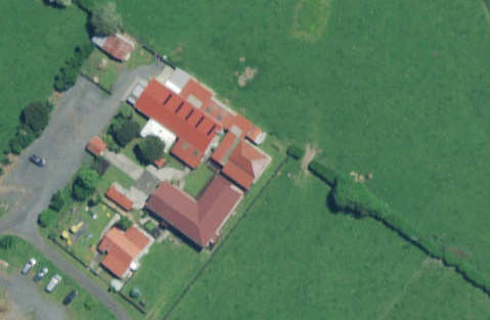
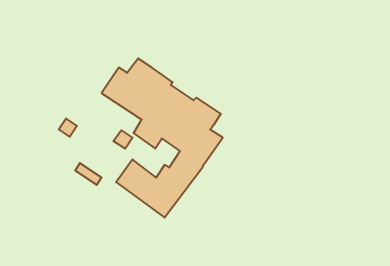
building: [101,33,129,60] -> none
building: [100,224,149,277] -> none

